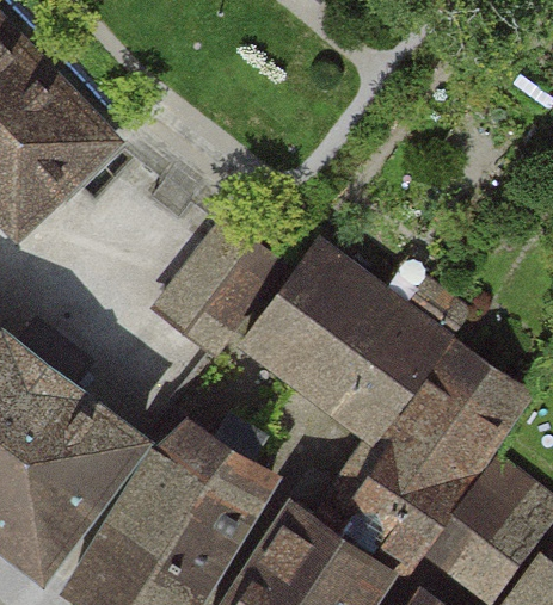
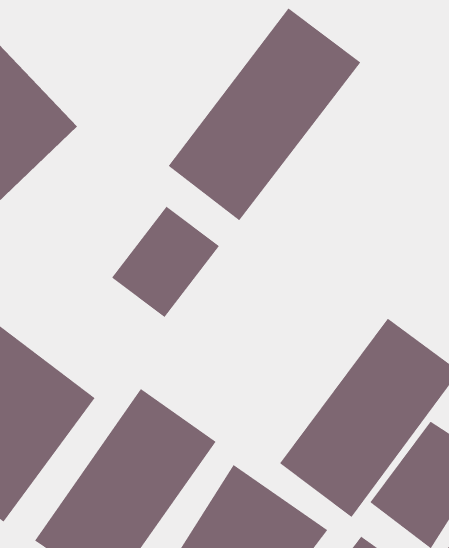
building: none -> [168,8,361,221]
building: [242,243,446,439] -> none

